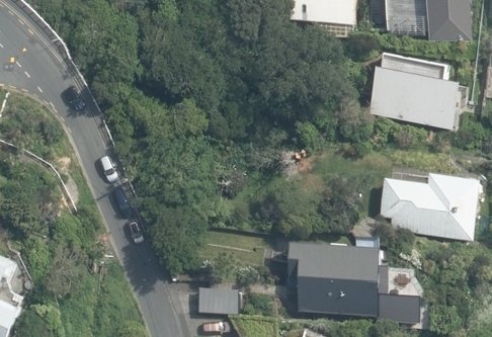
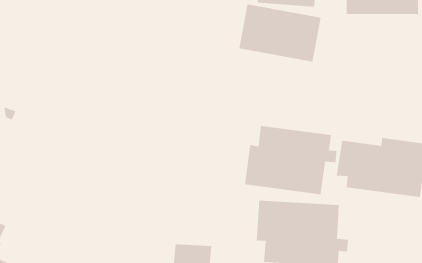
building: [370,61,462,125] -> [238,4,321,62]
building: none -> [245,125,337,195]

